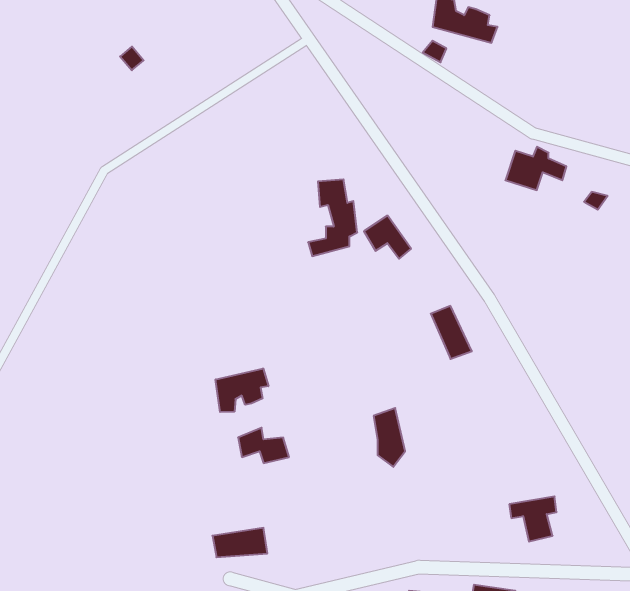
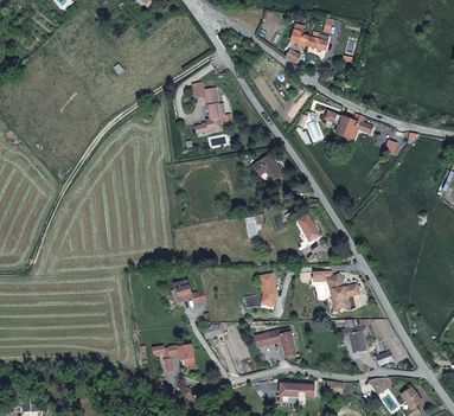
building: [308,179,357,256] -> [196,88,225,134]
building: [216,368,268,412] -> none
building: none -> [327,274,357,308]
building: none -> [258,325,296,357]

